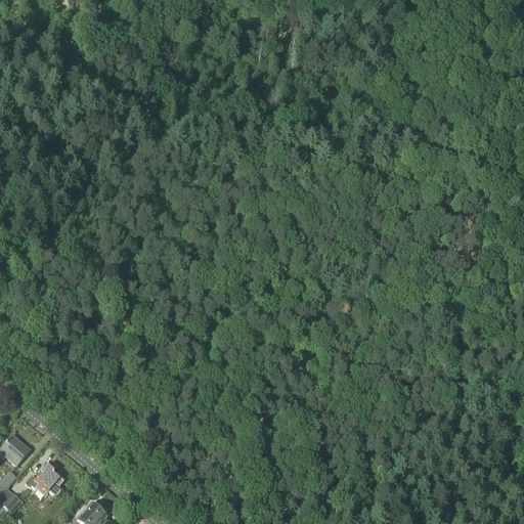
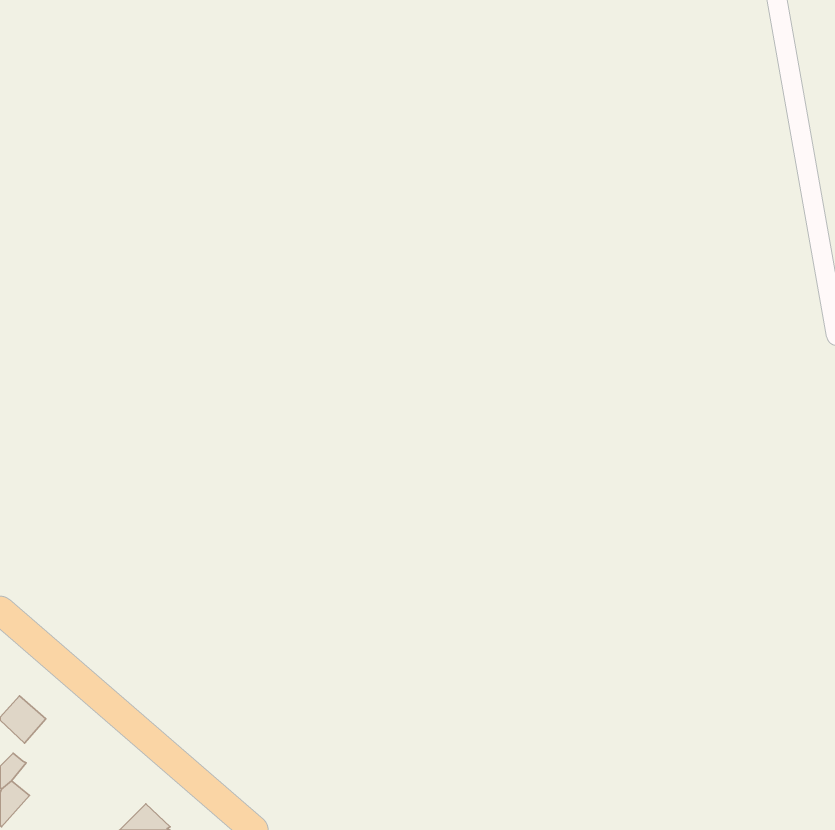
building: [35,465,63,495] -> none

